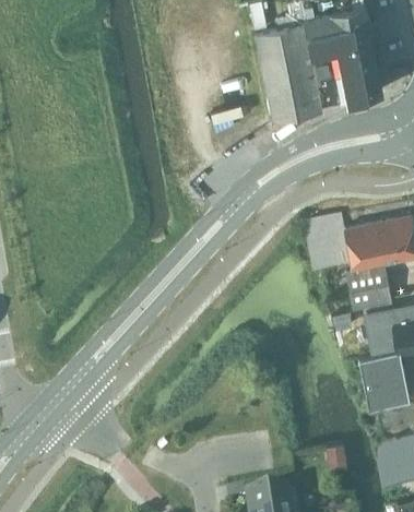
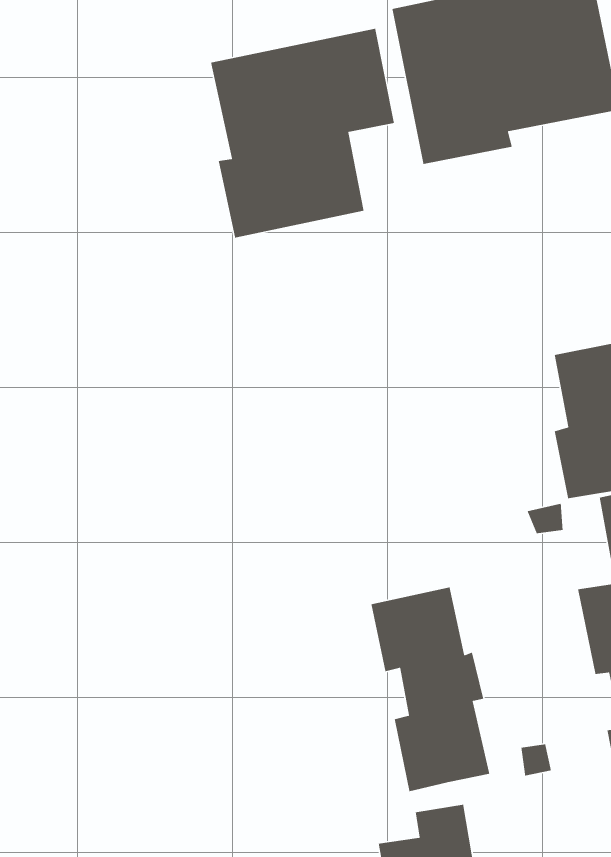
building: none -> [210,28,395,239]
building: none -> [370,587,490,792]

